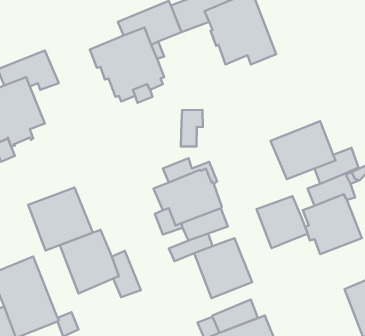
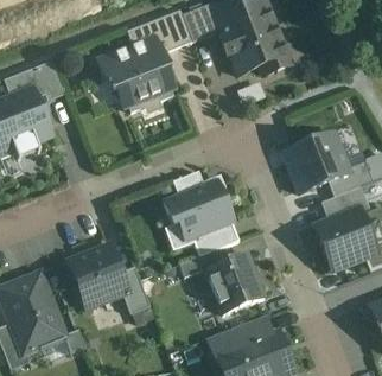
building: [181,110,203,147] -> none
building: [28,187,93,251] -> none
building: [257,196,308,248] -> none

